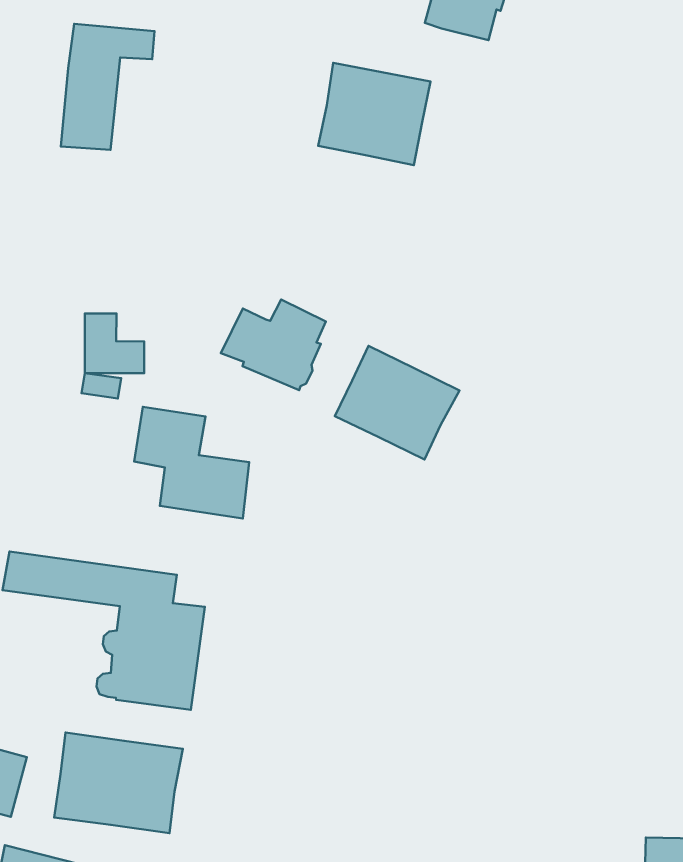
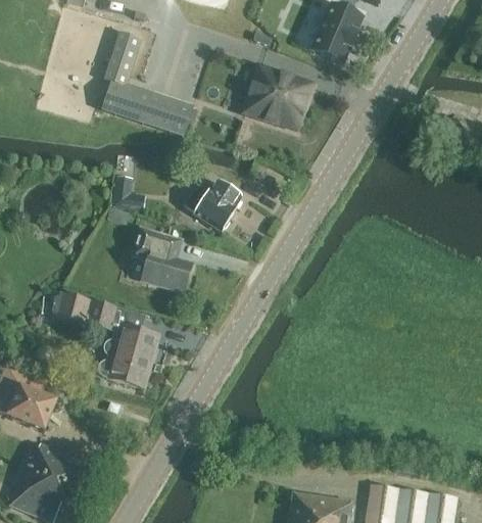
building: none -> [110,92,187,137]
building: [335,346,460,460] -> none
building: [54,733,183,833] -> none

